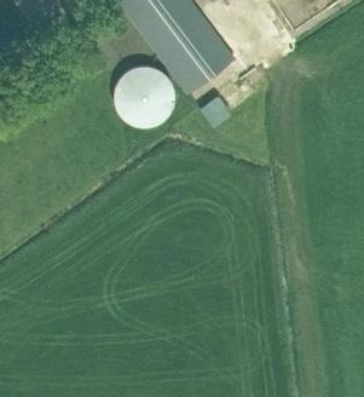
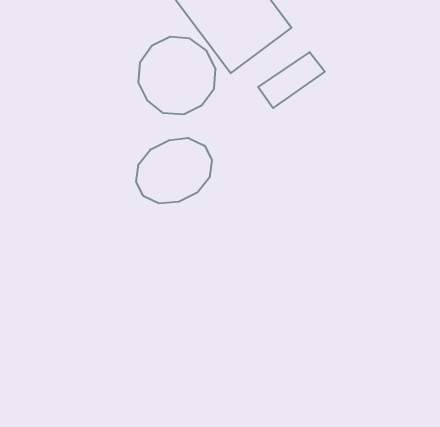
building: none -> [136,138,212,203]

